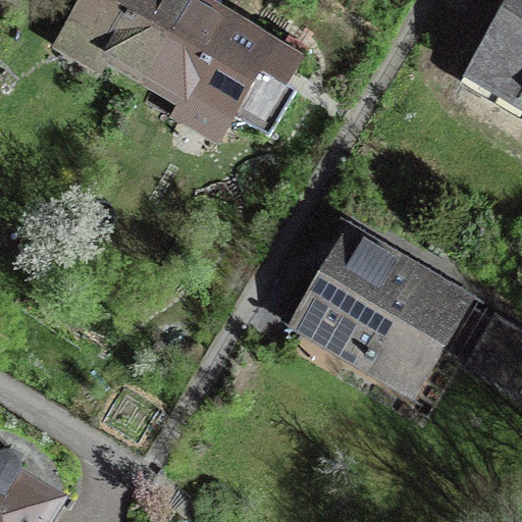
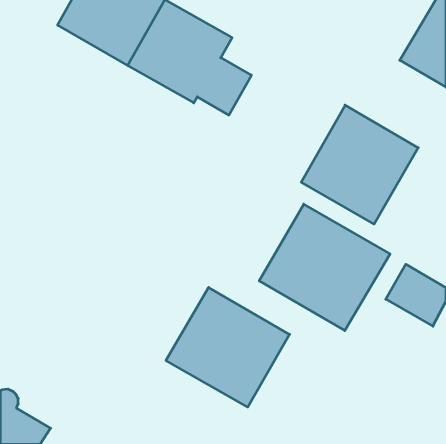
building: none -> [301,105,418,224]
building: none -> [166,287,290,407]

